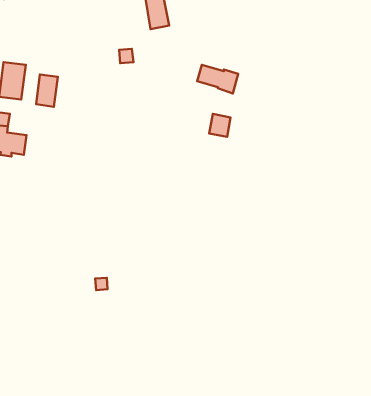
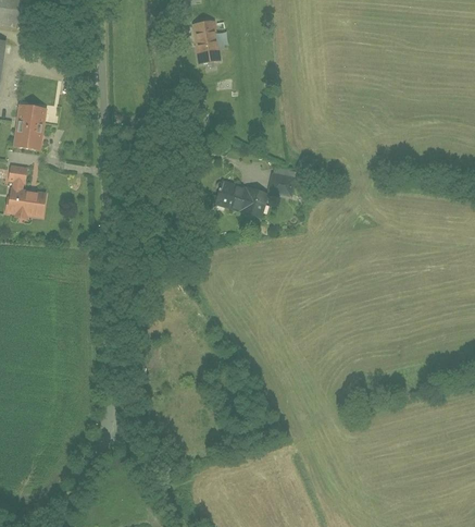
building: [197,65,238,93] -> [214,183,264,218]
building: [36,74,58,107] -> none

